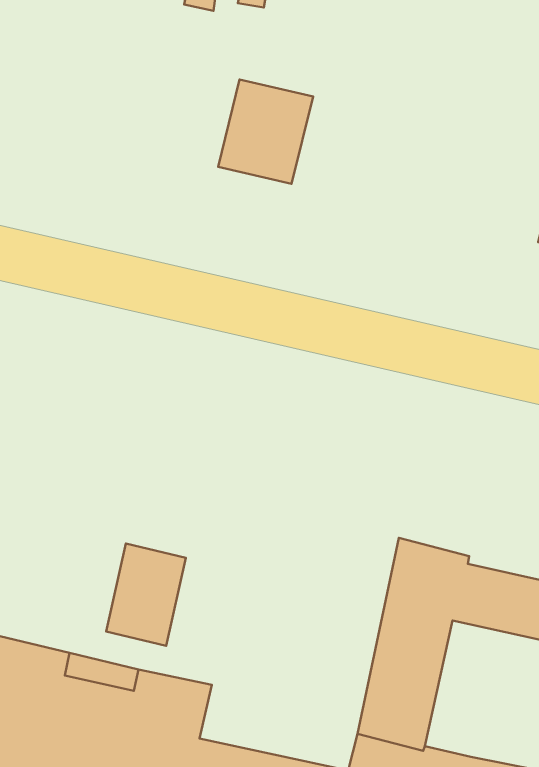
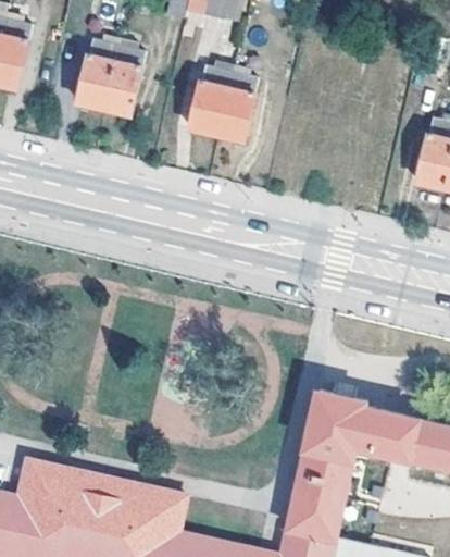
building: none -> [76,39,145,114]
building: [106,543,186,646] -> none

